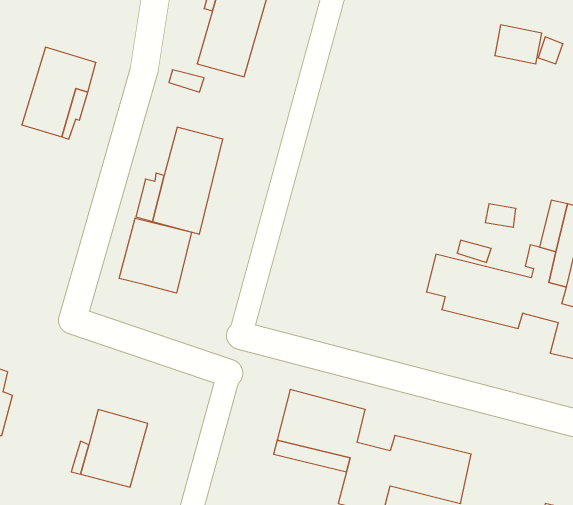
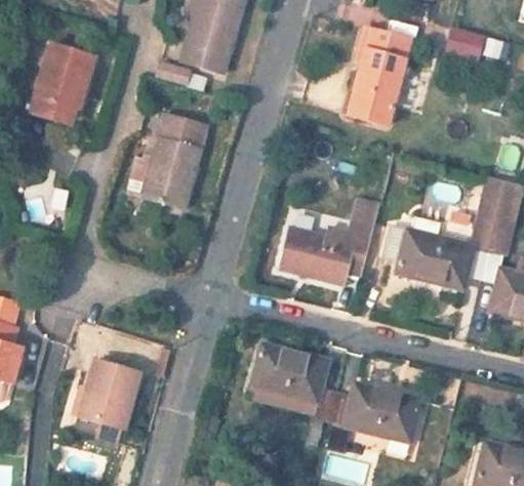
building: none -> [349,31,409,125]
building: [119,218,191,293] -> none
building: none -> [281,209,375,284]

